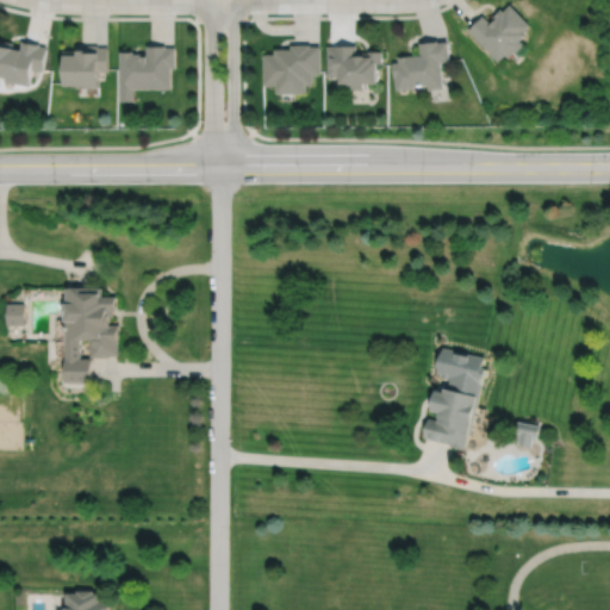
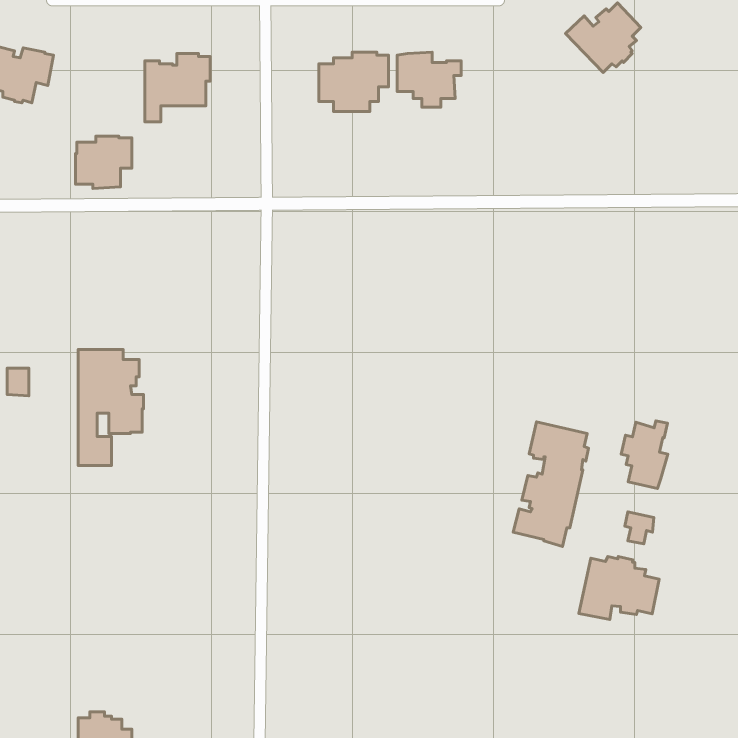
building: [390,42,447,91] -> none
building: [60,46,106,89] -> [75,136,132,188]
building: none -> [621,421,668,489]
building: none -> [579,556,659,620]

